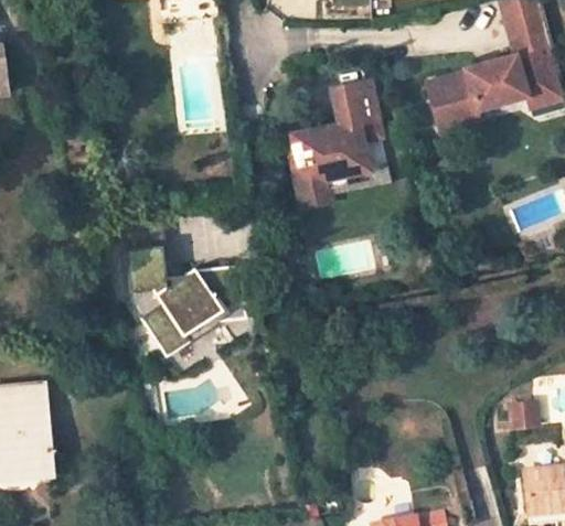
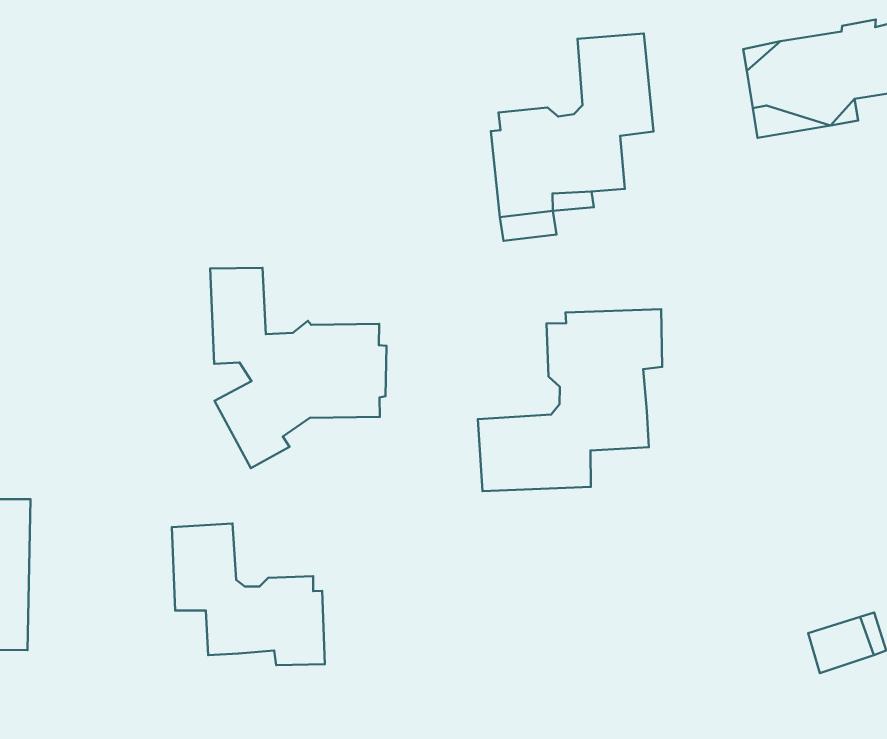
building: none -> [478,309,662,491]
building: none -> [172,524,325,665]

